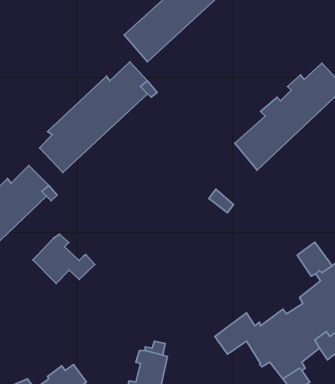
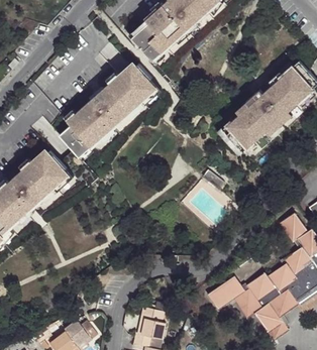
building: [33,234,95,284] -> none

